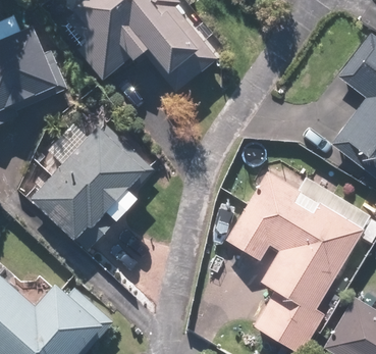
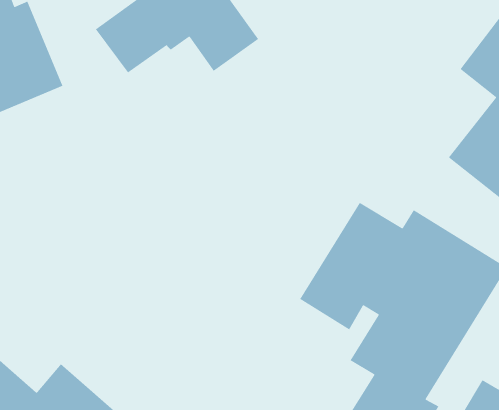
building: [31,128,145,251] -> none

